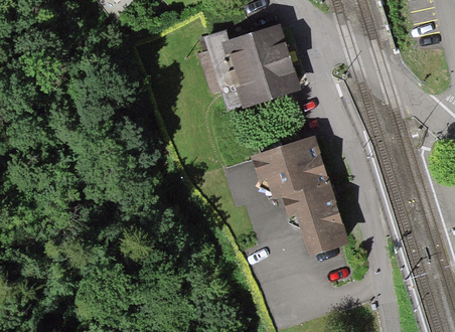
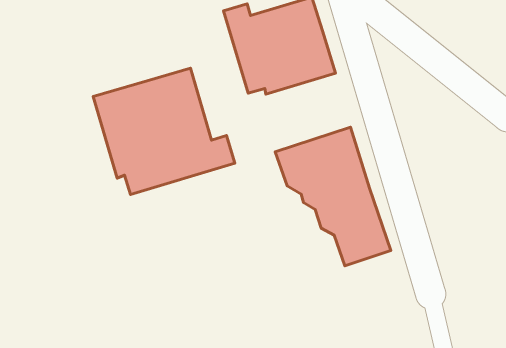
building: none -> [93,68,235,194]

